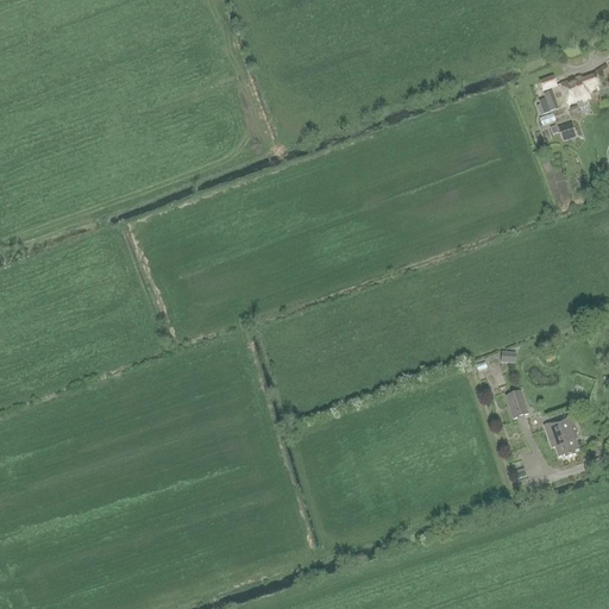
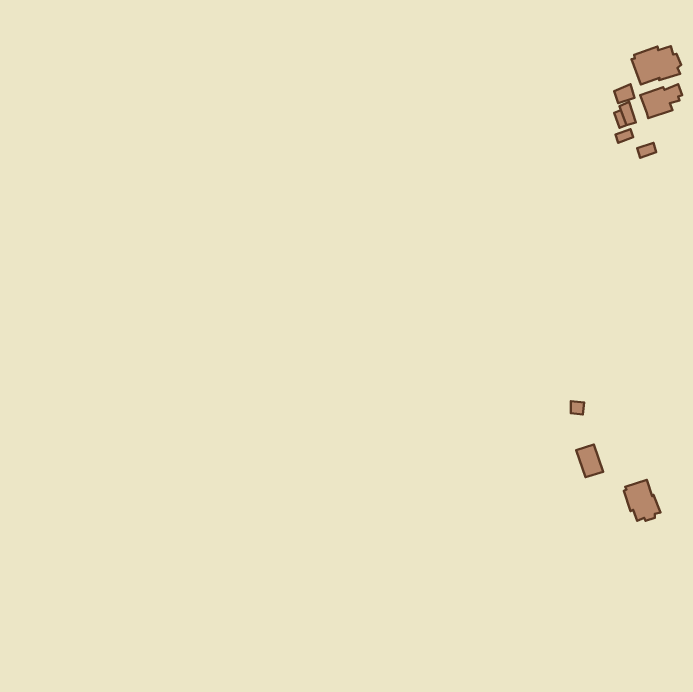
building: none -> [631,46,681,84]

